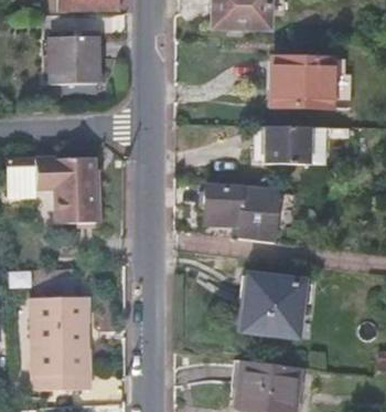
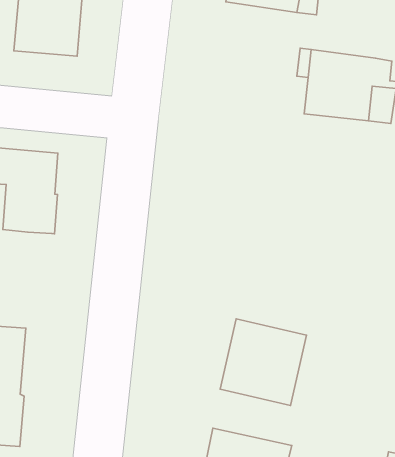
building: [261,126,324,163] -> none
building: [204,184,276,240] -> none

